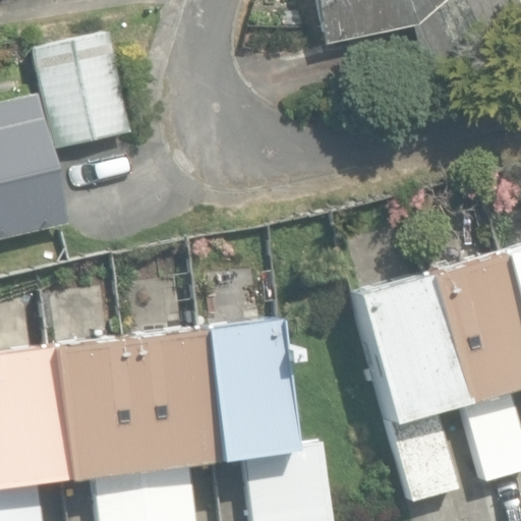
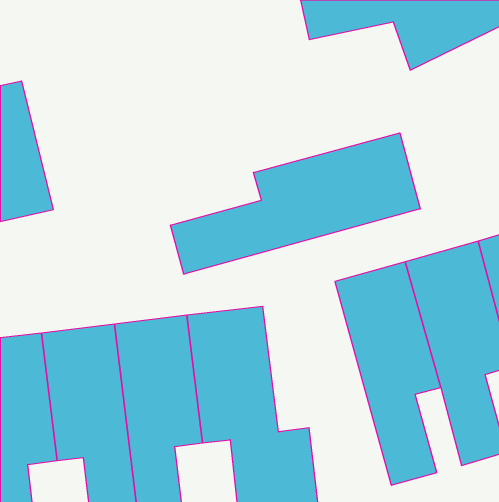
building: [27,31,130,152] -> none
building: none -> [171,133,420,274]

